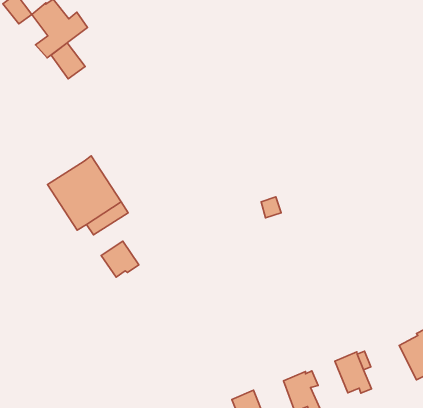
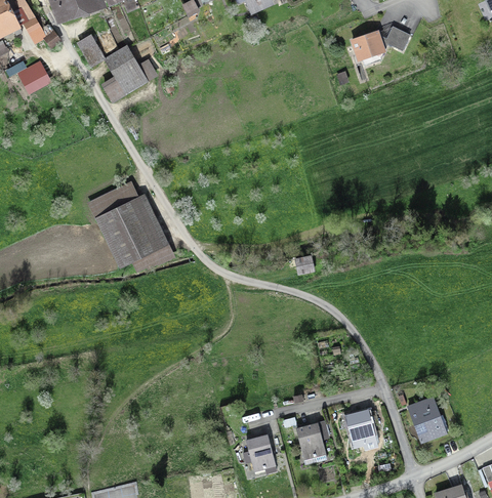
building: [51,43,85,79] -> none
building: none -> [91,185,136,218]
building: [101,241,139,277] -> none

